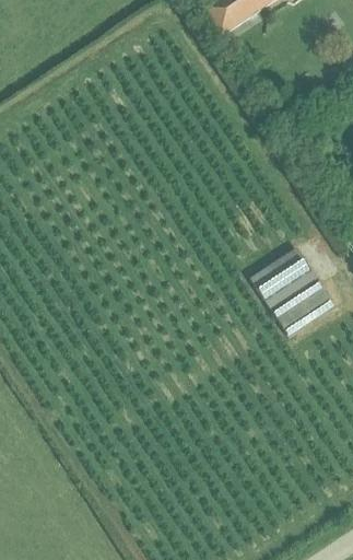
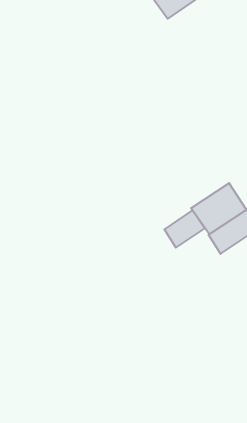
building: none -> [164,211,205,248]

